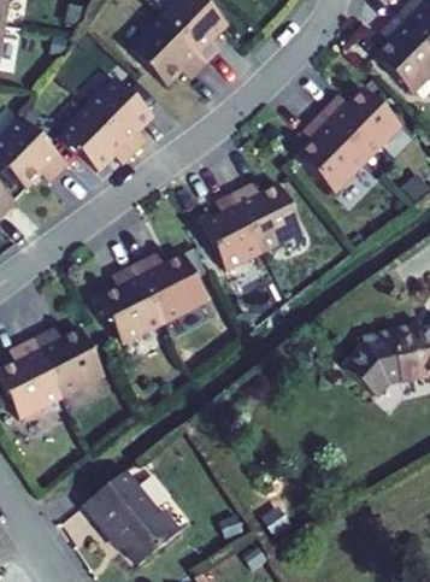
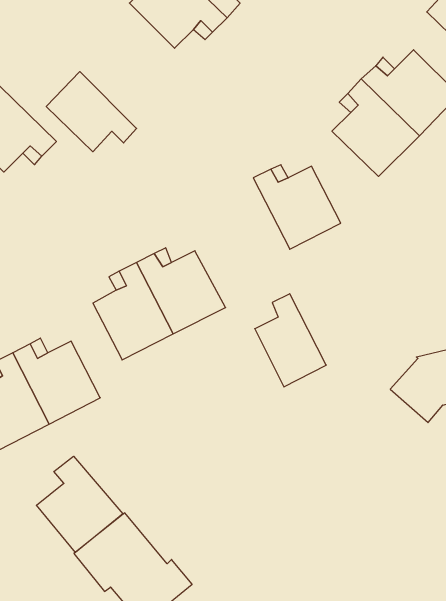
building: [89,77,154,152] -> none
building: [204,193,263,270] -> [255,294,326,387]
building: none -> [36,456,123,552]

